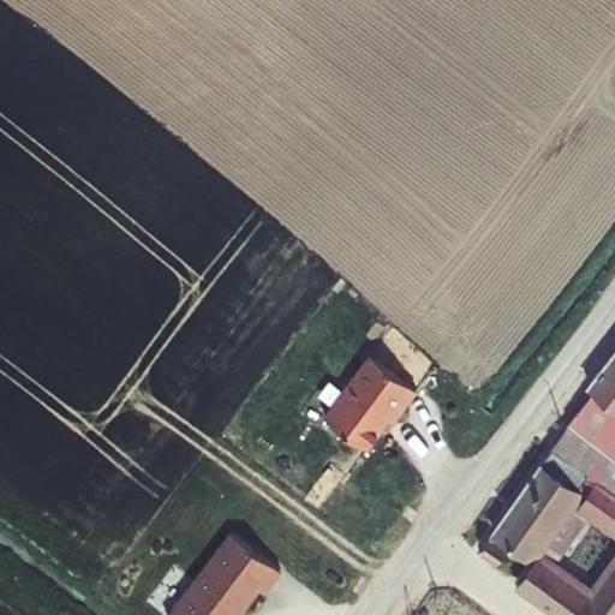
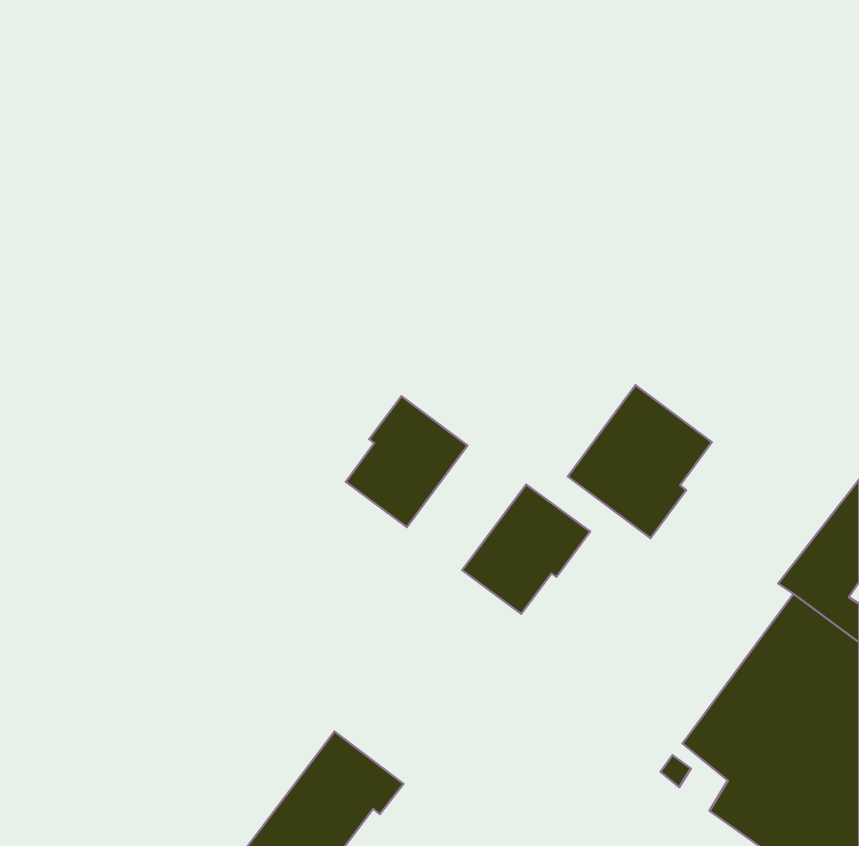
building: none -> [568,385,712,538]
building: none -> [346,396,467,527]

